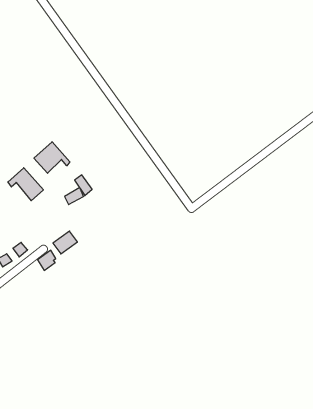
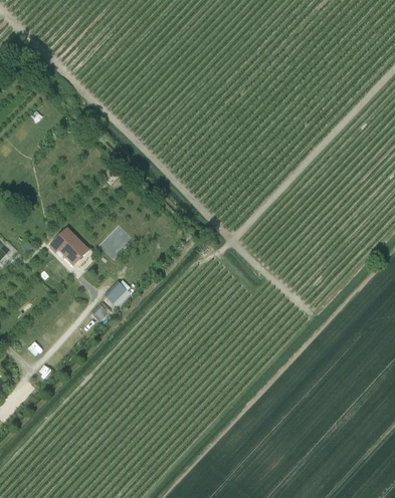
building: [34,142,70,173] -> none

